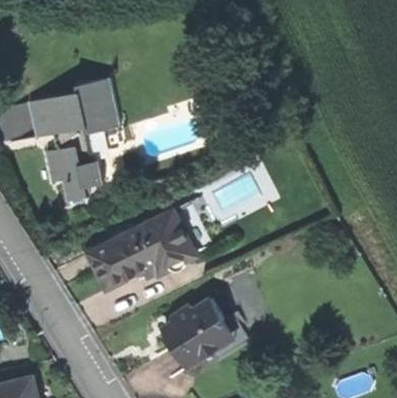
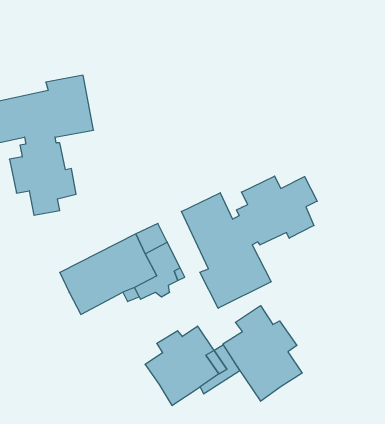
building: none -> [181,176,317,308]
building: none -> [223,306,302,401]

